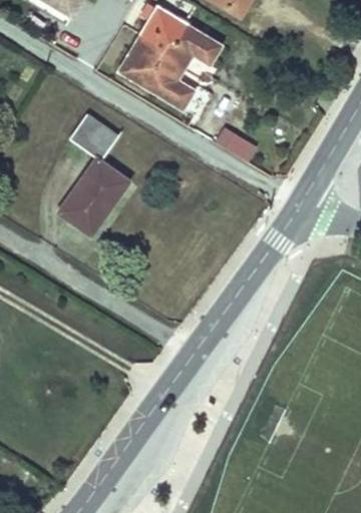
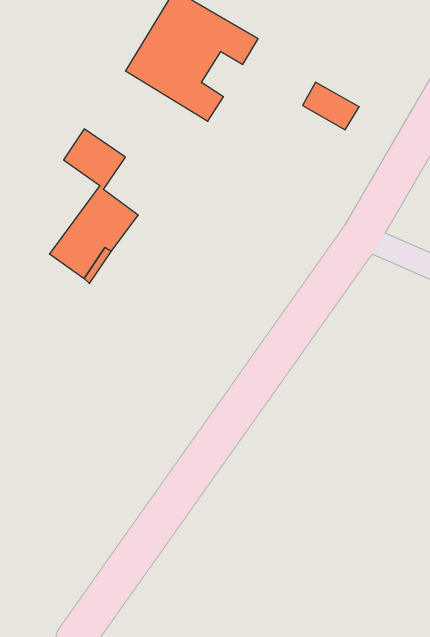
building: [214,124,258,161] -> [303,82,359,130]

